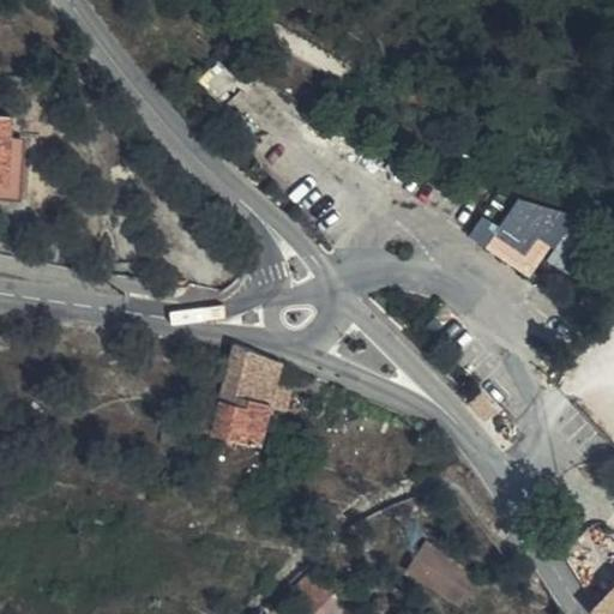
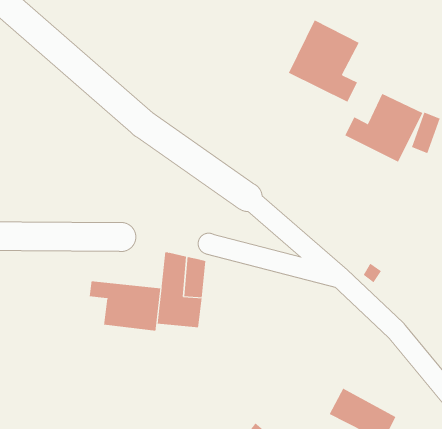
building: none -> [288,20,359,102]
building: none -> [89,280,161,331]

